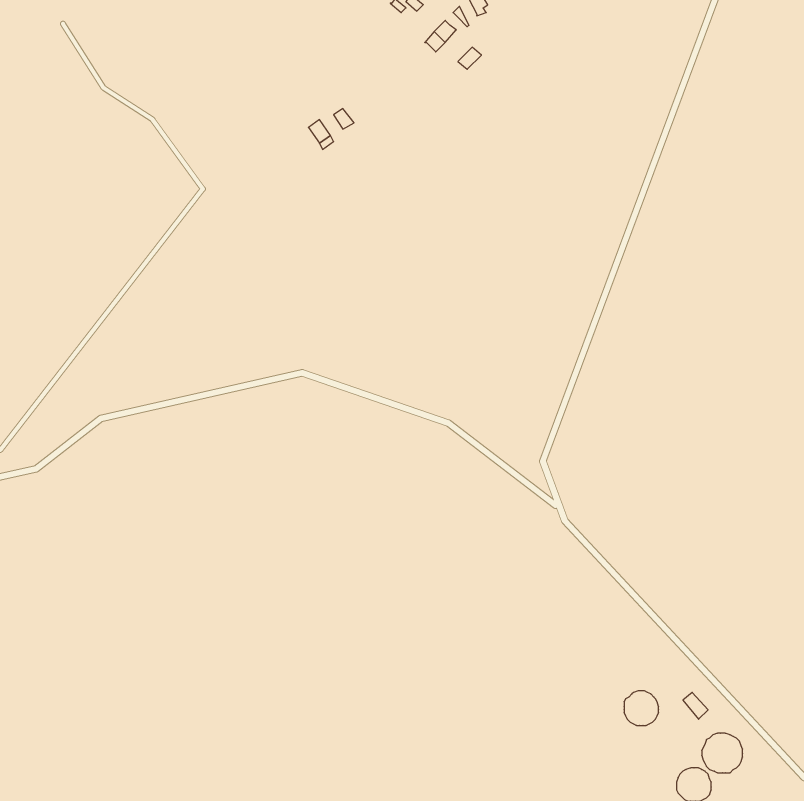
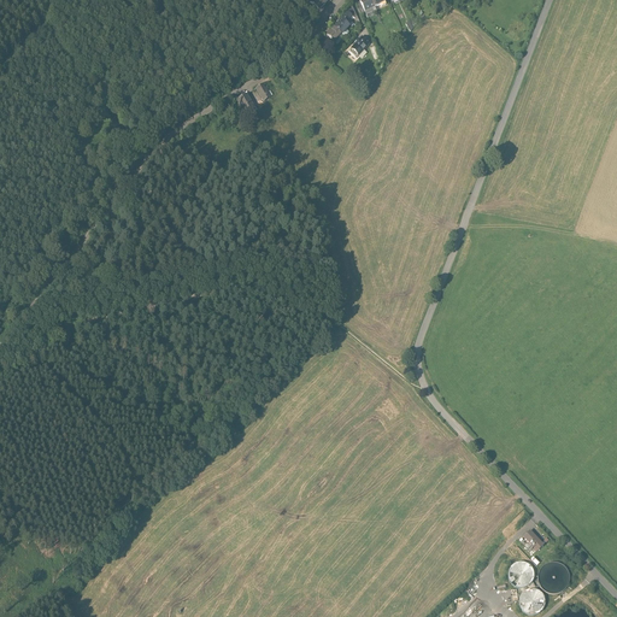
building: [624,691,659,725] -> [507,560,534,587]

